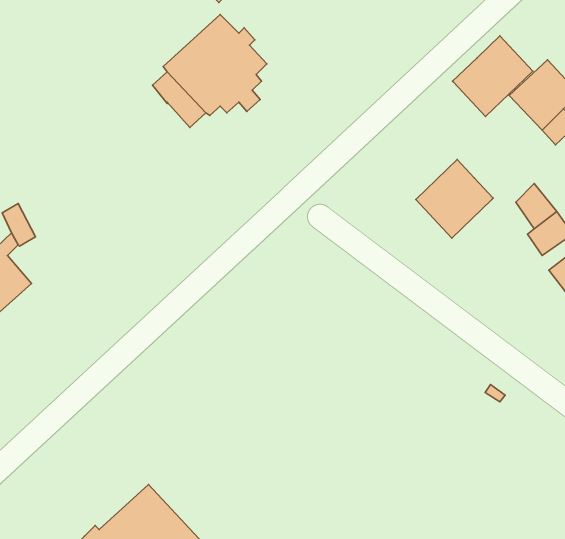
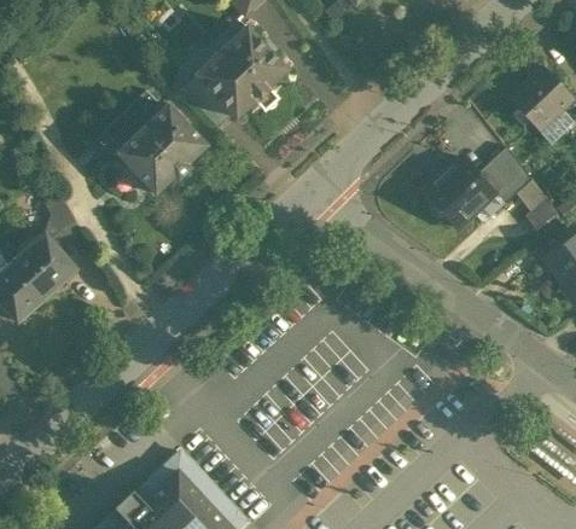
building: [453,36,533,117] -> none
building: none -> [103,88,206,192]
building: none -> [477,146,531,205]

